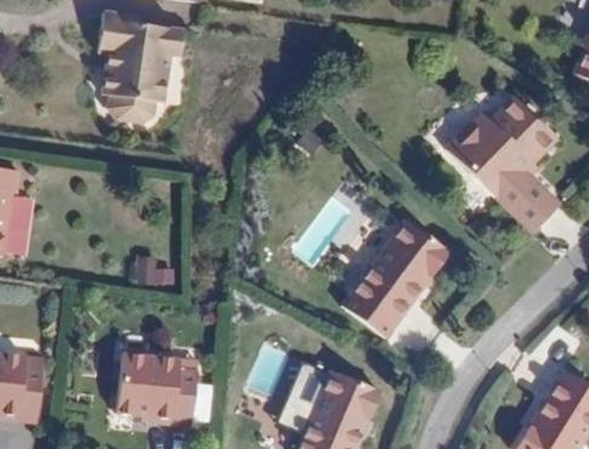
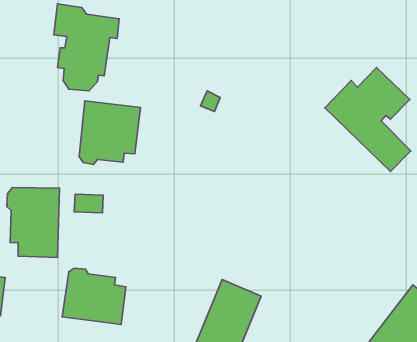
building: none -> [79,101,141,164]
building: [343,219,450,336] -> none
building: none -> [7,188,60,258]

